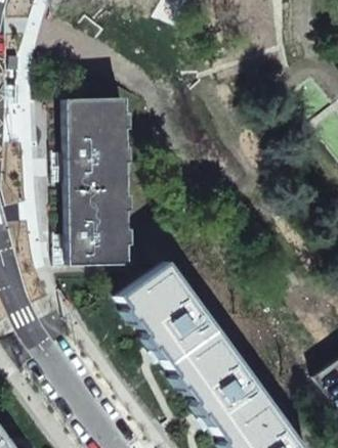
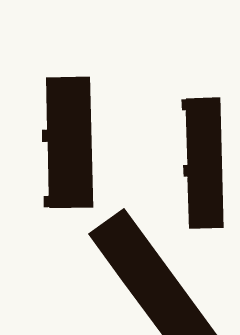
building: none -> [181,97,224,230]

